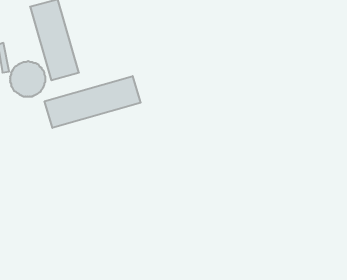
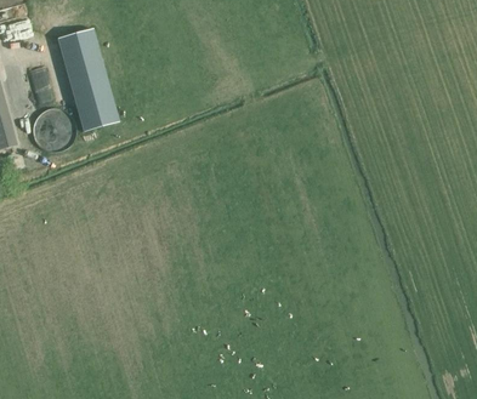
building: [45,76,141,128] -> none

